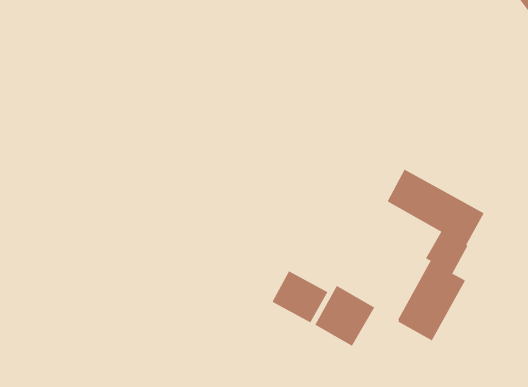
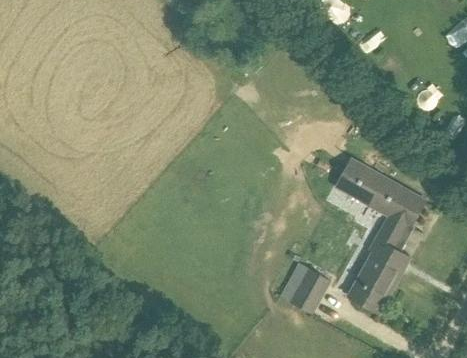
building: [271,270,328,323] -> none

